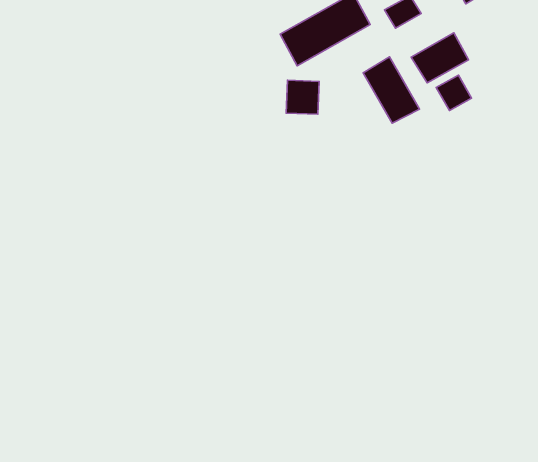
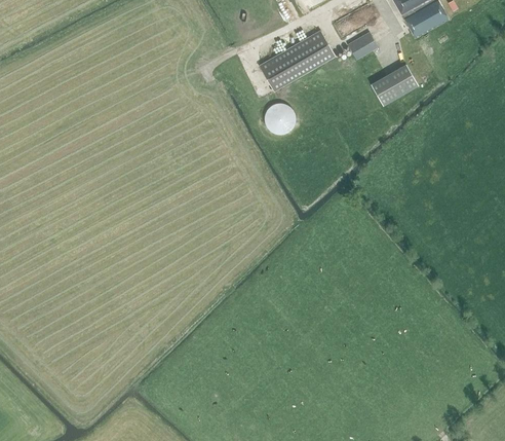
building: [363,57,419,123] -> none
building: [436,75,472,110] -> none

